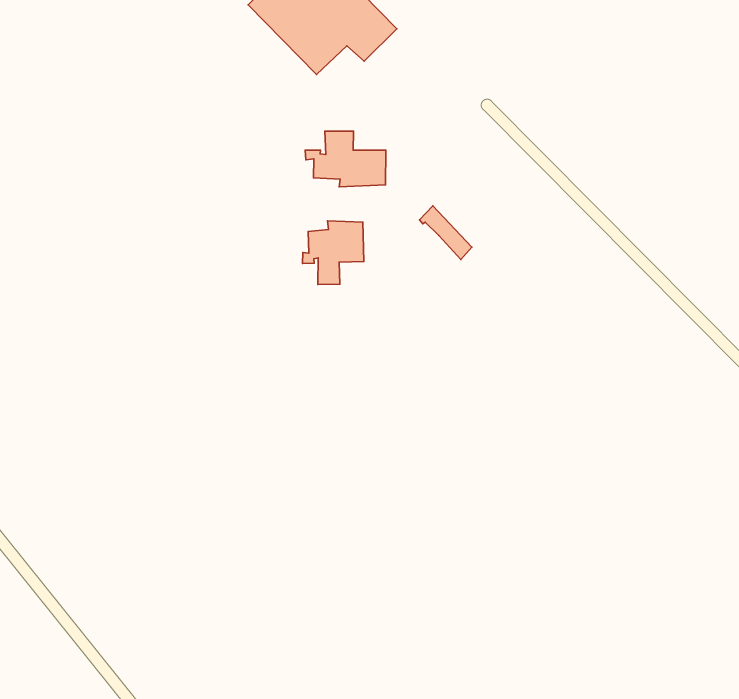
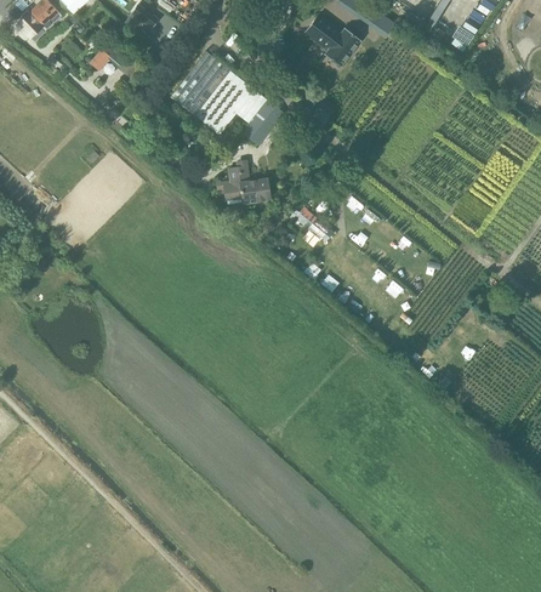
building: none -> [244,101,283,143]
building: [303,221,364,284] -> none

